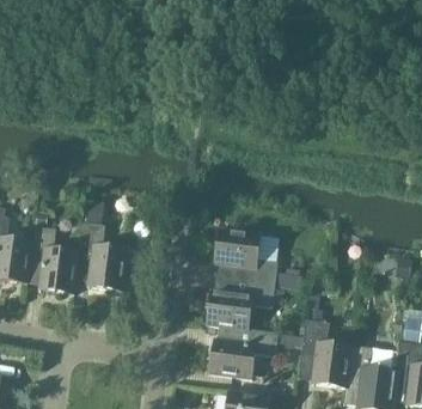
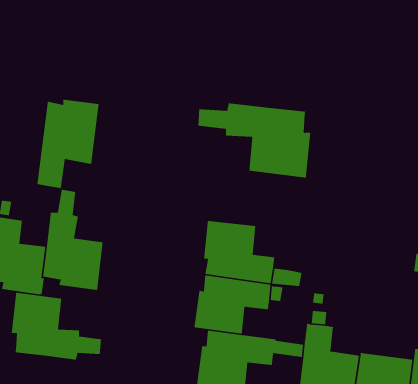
building: none -> [37,99,100,189]
building: none -> [198,102,311,178]
building: none -> [11,292,102,360]

